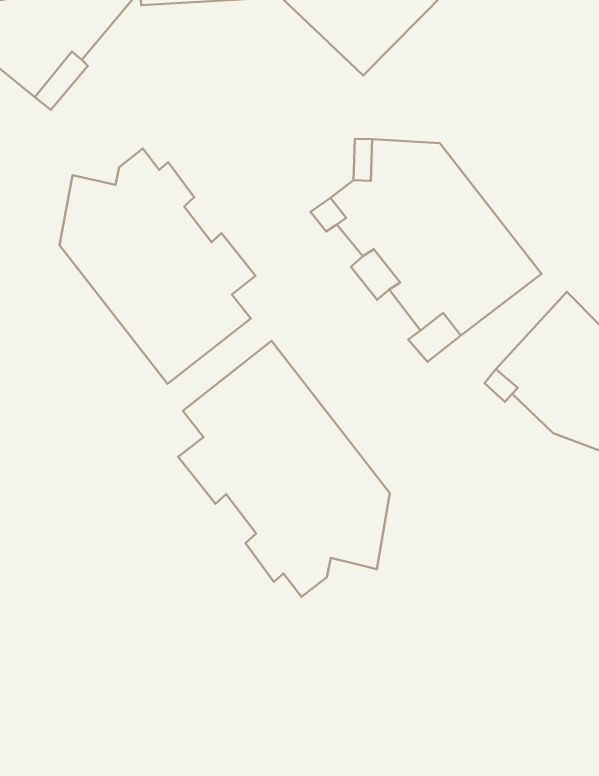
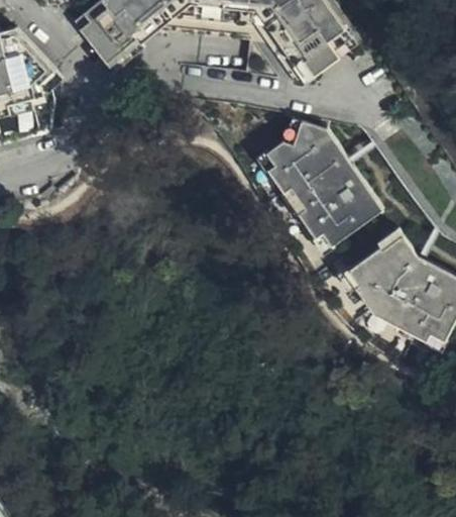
building: [60,149,256,384] -> none
building: [178,341,390,597] -> none

